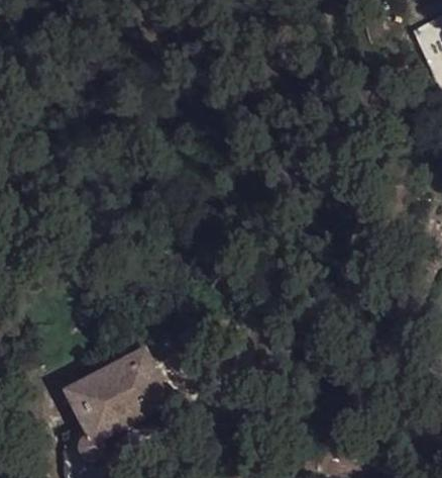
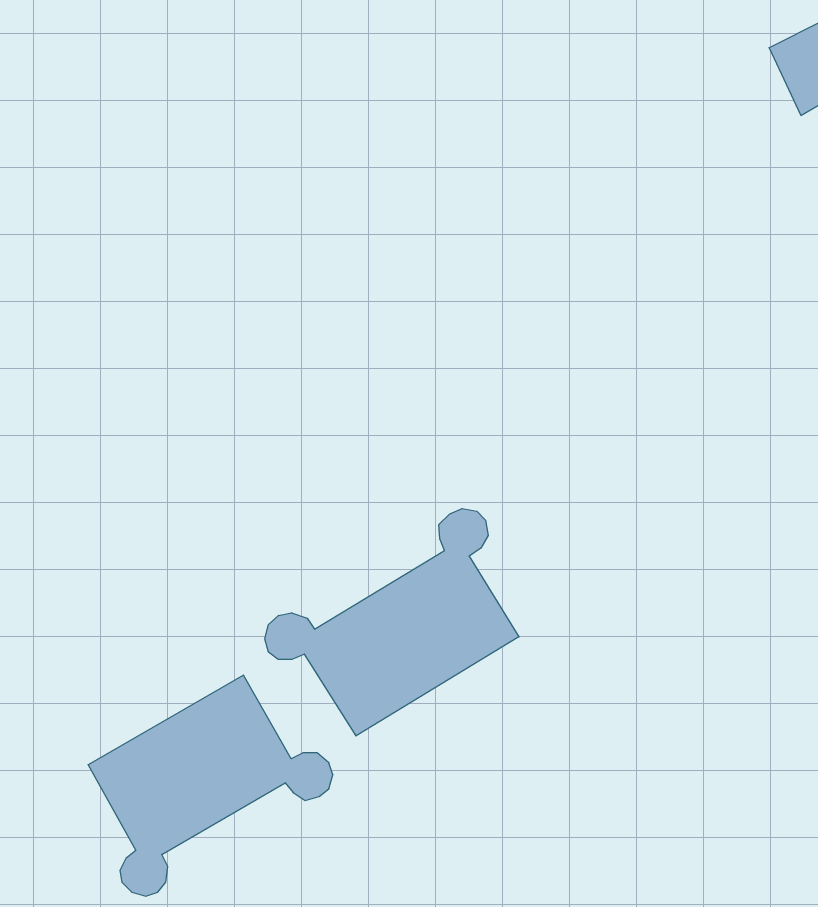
building: none -> [265,509,519,736]

